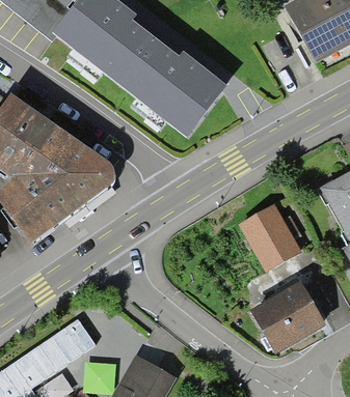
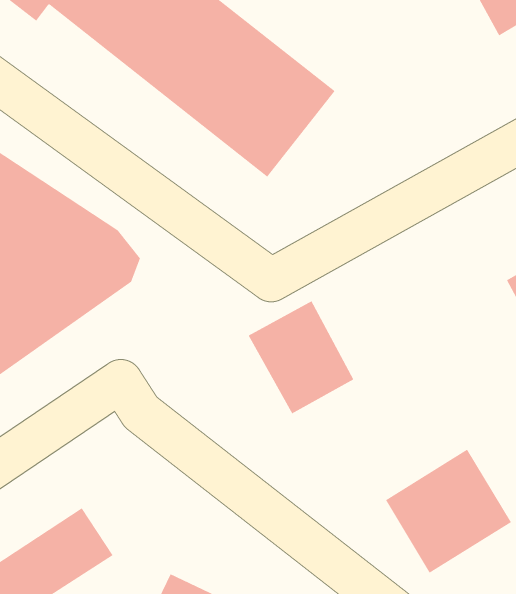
building: [241,207,301,272] -> [248,301,354,414]

